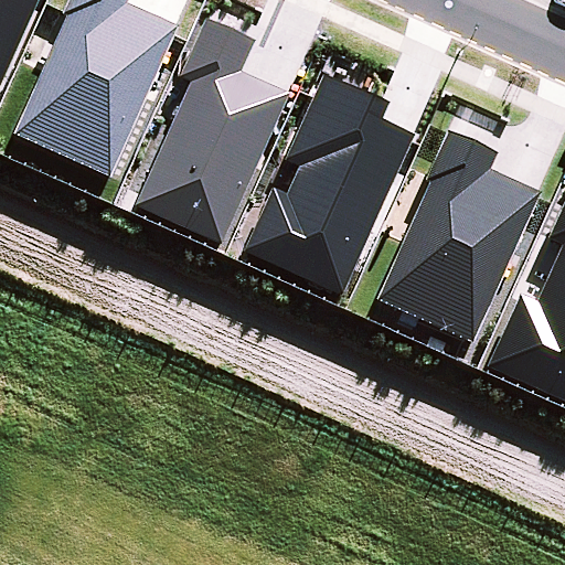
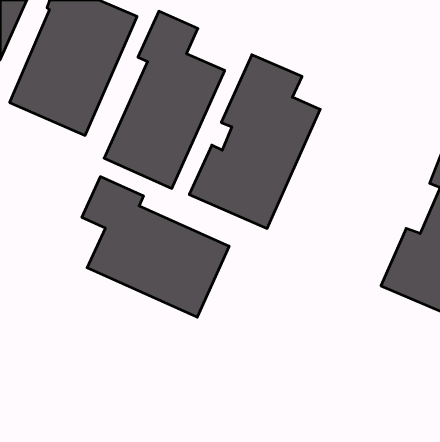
building: [380,126,542,340] -> none
building: none -> [82,177,229,317]

